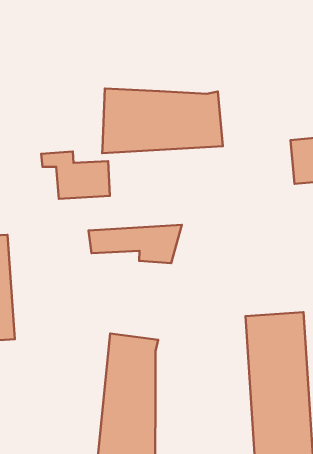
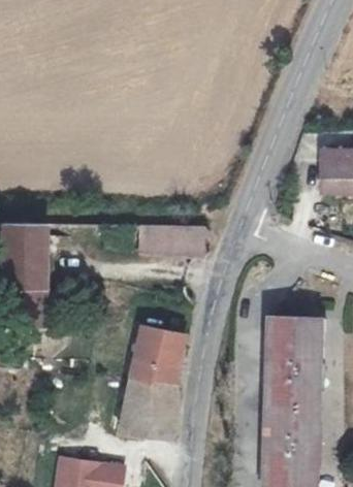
building: [102,88,223,153] -> none
building: [41,152,110,199] -> none

